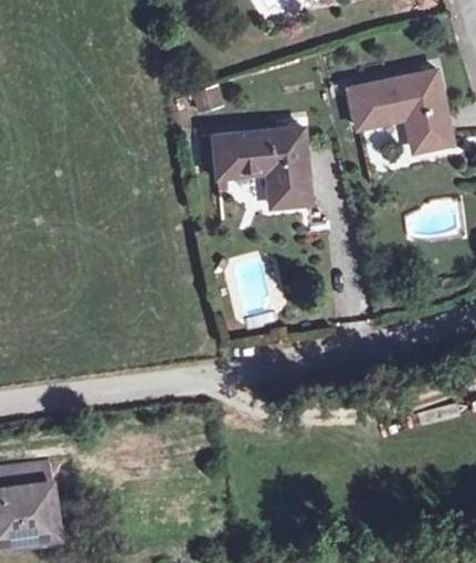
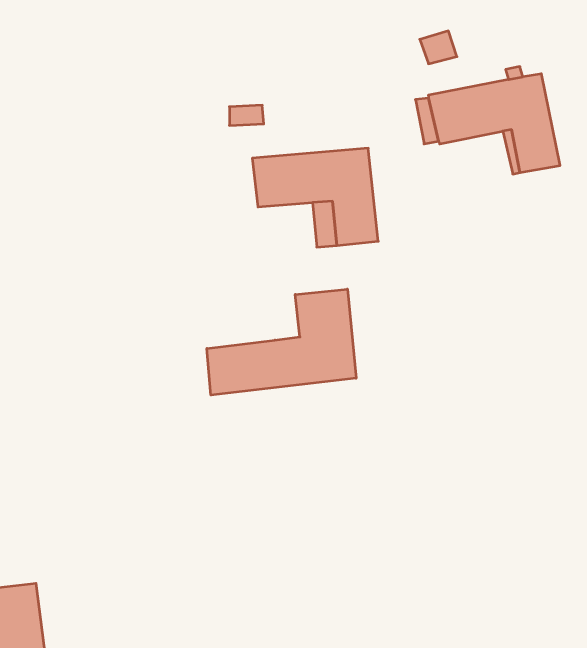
building: none -> [207,289,356,395]

